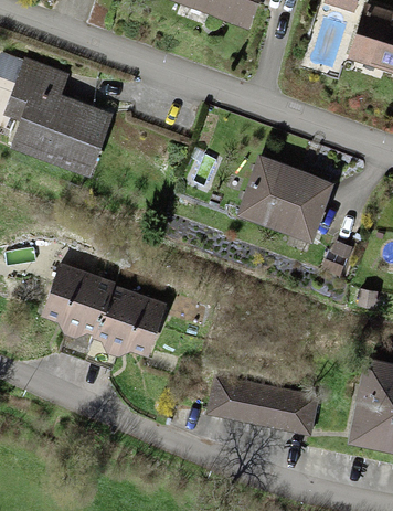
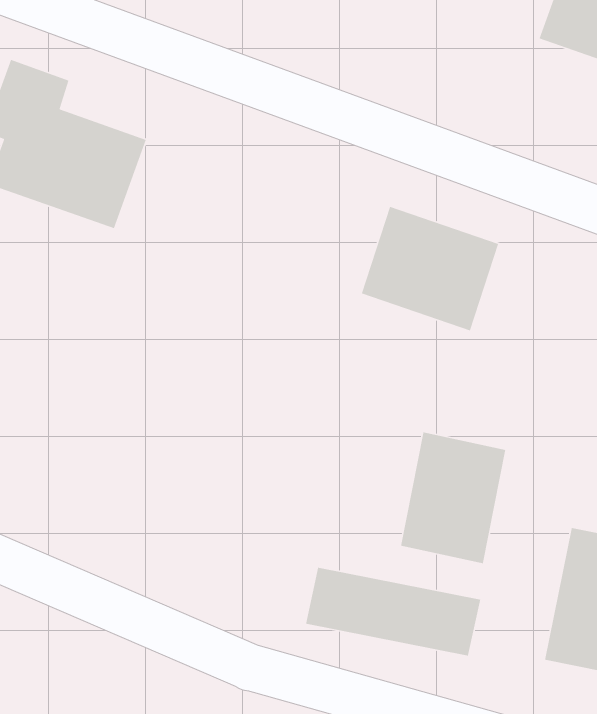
building: [44,272,164,358] -> none
building: none -> [400,432,506,564]

